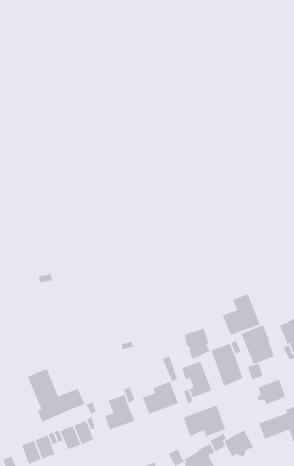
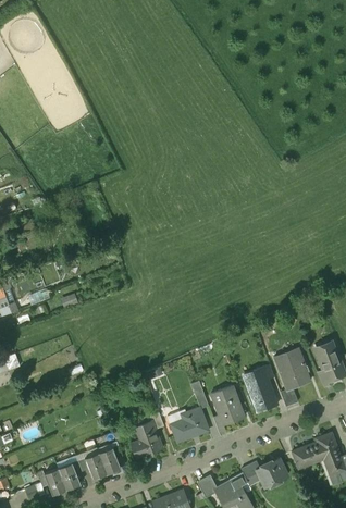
building: [222,293,261,336] -> none
building: [183,327,211,360] -> none
building: [27,368,86,423] -> none
building: [257,379,286,405] -> none
building: [183,404,227,437] -> none

